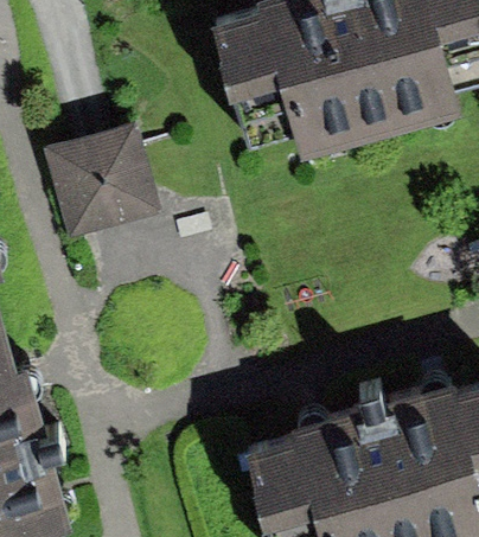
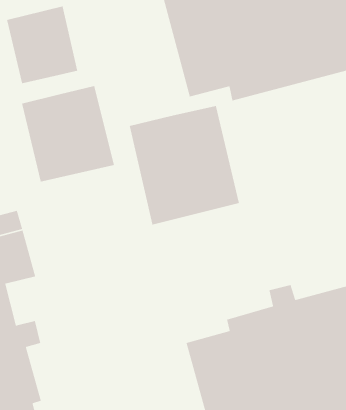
building: none -> [6,5,78,84]
building: none -> [129,105,240,225]

